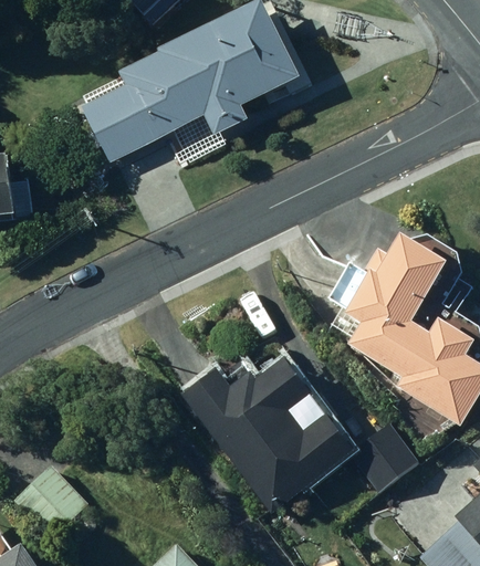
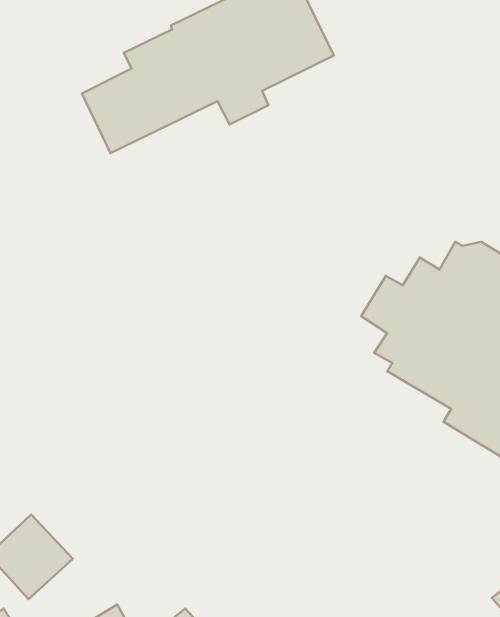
building: [175,358,416,511] -> none

